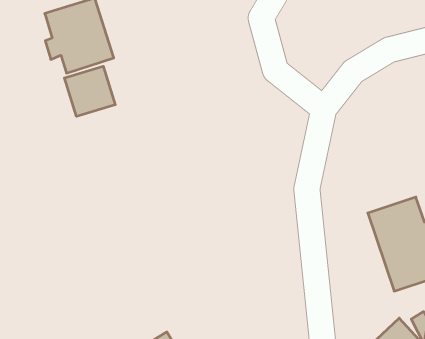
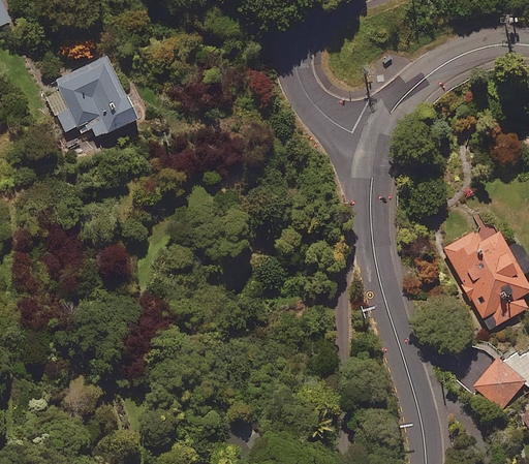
building: [64,66,115,116] -> none

